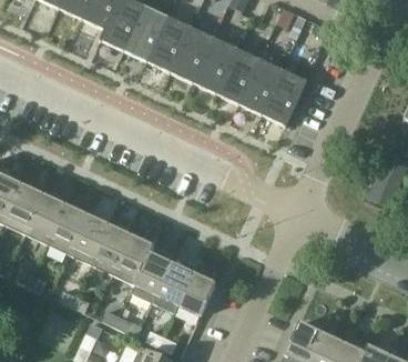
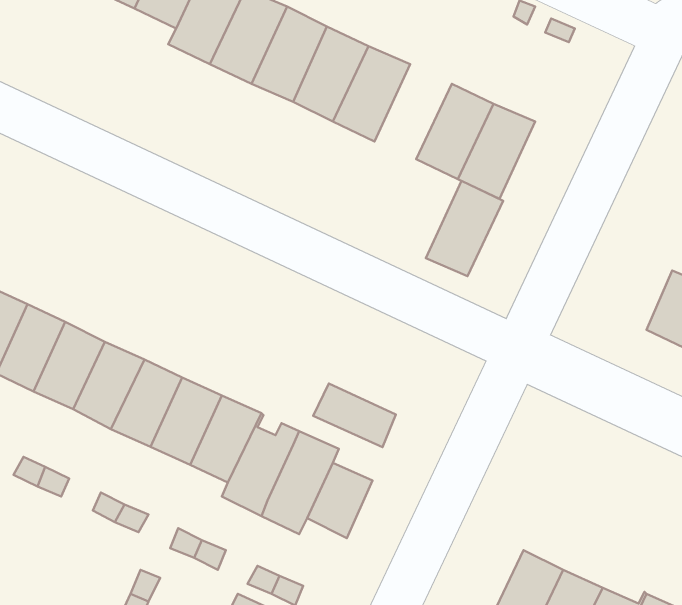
building: [217,49,261,102] -> [426,181,503,276]
building: none -> [313,384,396,447]

